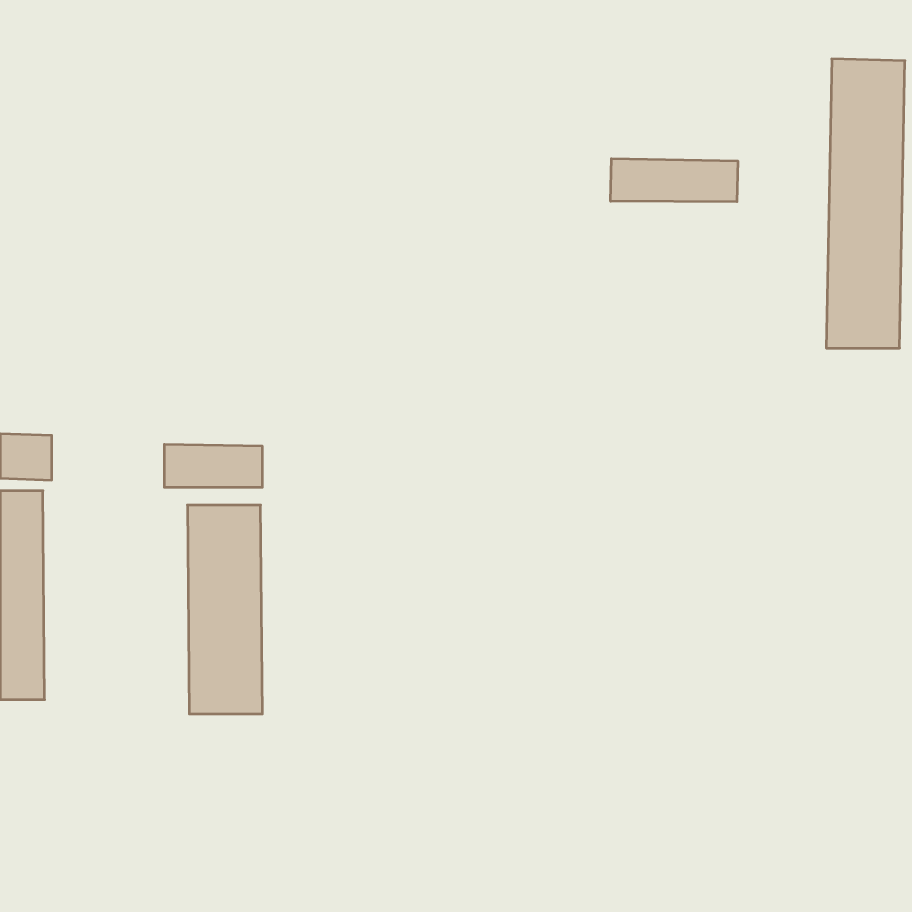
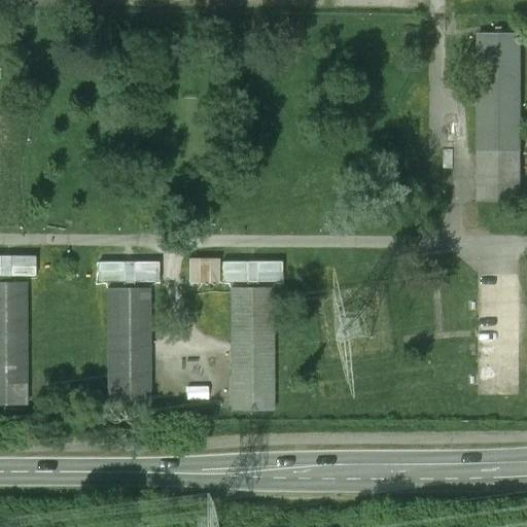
building: [611,159,738,202] -> none
building: none -> [204,256,283,282]
building: none -> [232,288,275,409]

